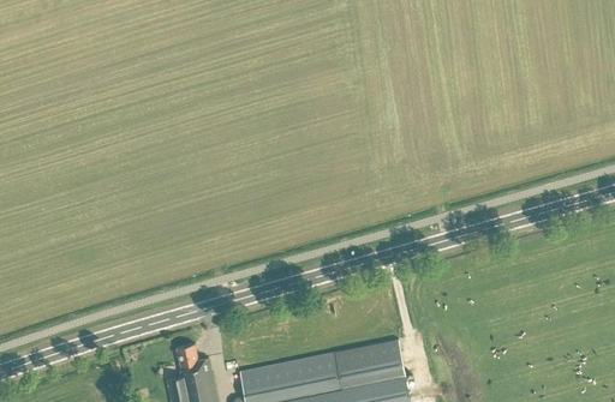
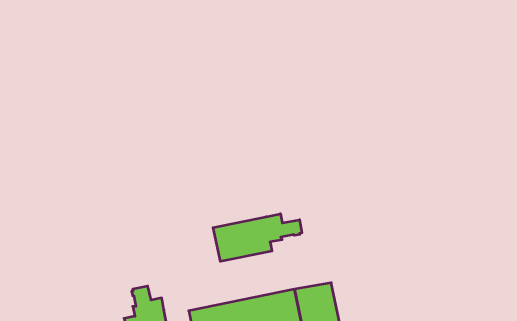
building: none -> [213,214,302,261]

